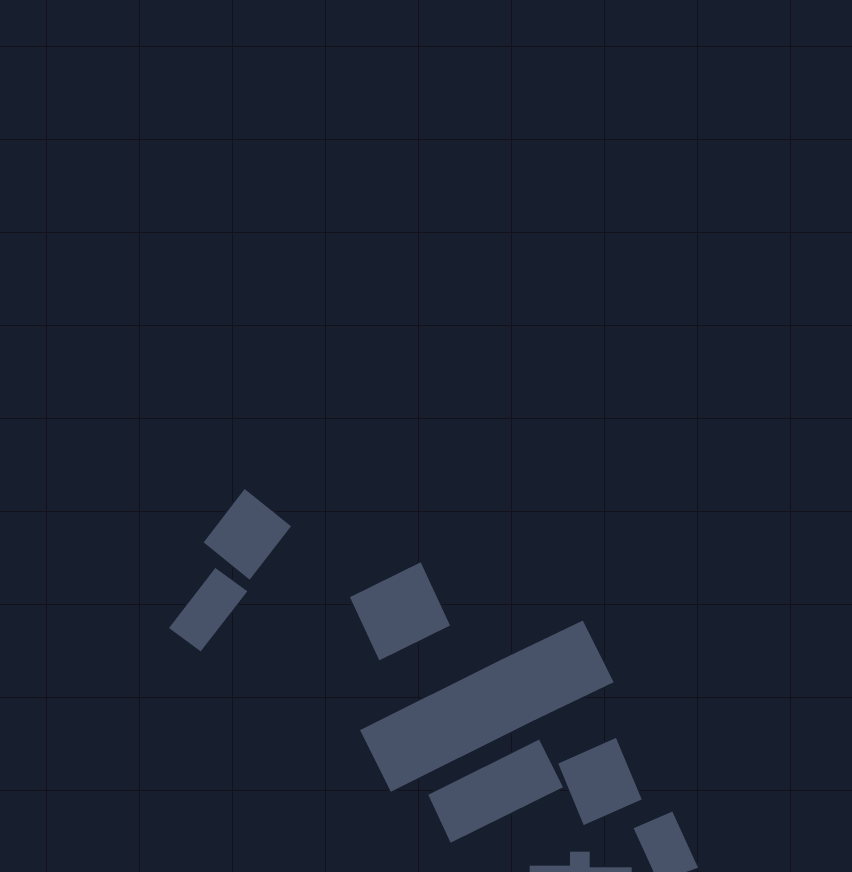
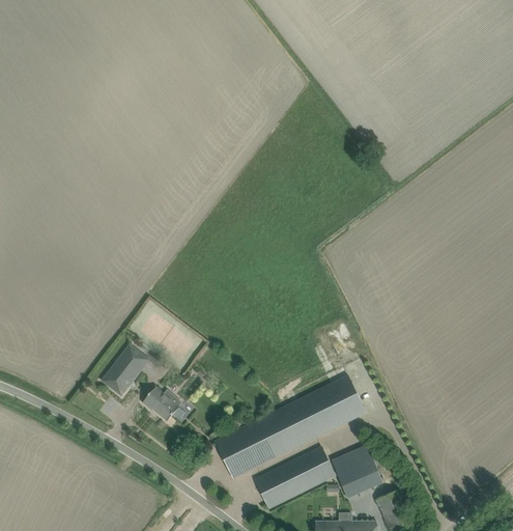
building: [202,488,292,581] -> none
building: [349,561,451,661] -> none
building: none -> [142,386,181,421]

